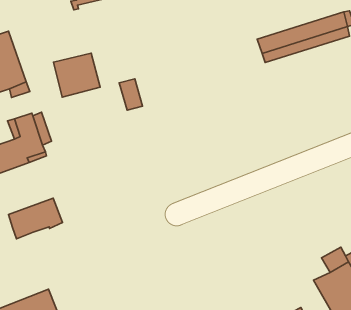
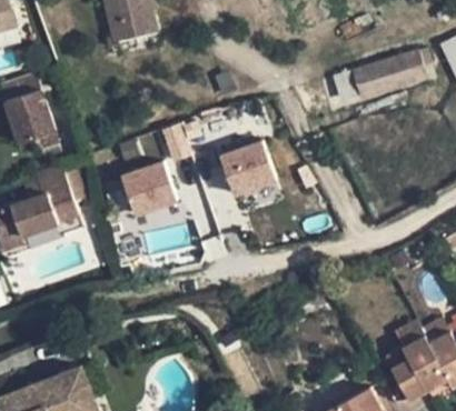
building: [53,53,100,97] -> [131,167,185,217]
building: none -> [234,149,286,198]
building: [8,198,62,239] -> none

